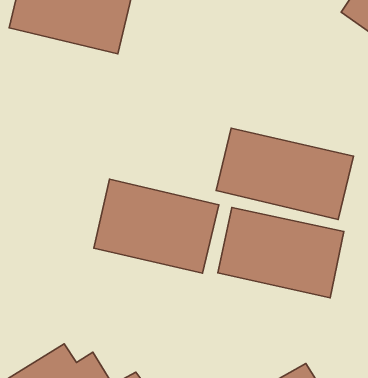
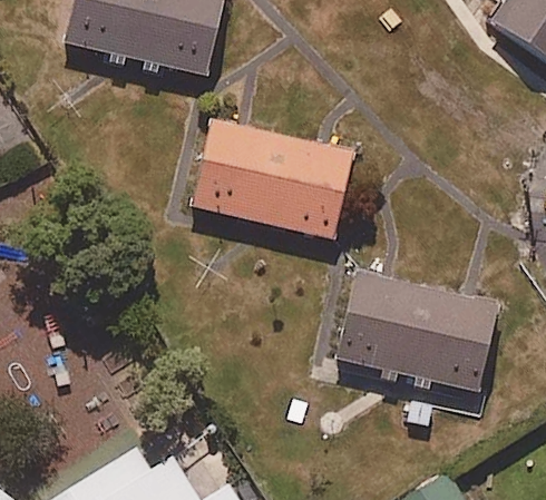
building: [216,128,354,219] -> none
building: [94,179,219,273] -> [192,118,353,239]

